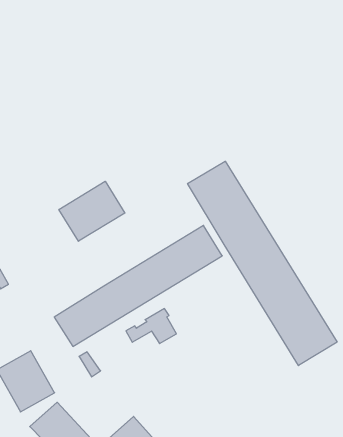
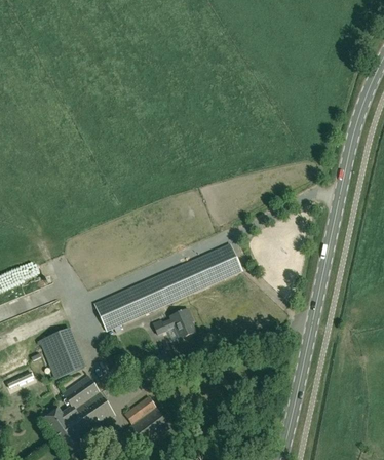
building: [188,161,337,366] -> none
building: [59,181,125,241] -> none

